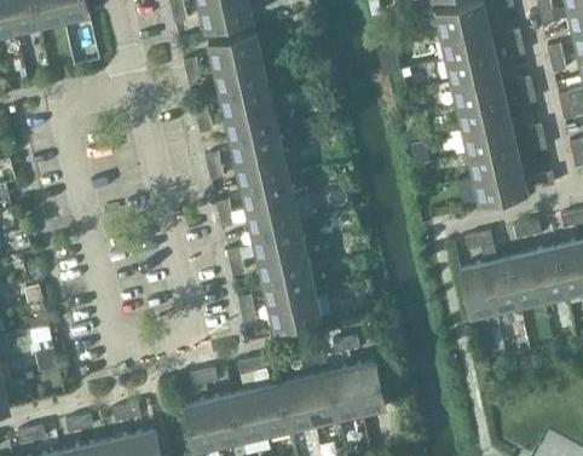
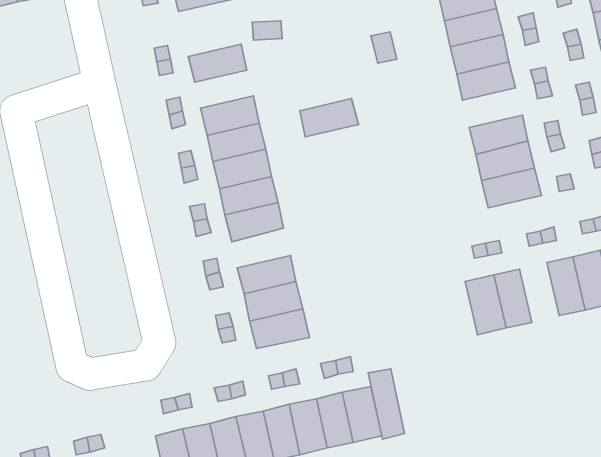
building: [208,34,261,70] -> none
building: [220,82,272,116] -> [300,99,358,137]
building: [457,98,510,133] -> none
building: [253,223,305,258] -> none
building: [508,253,543,306] -> none
building: none -> [368,369,404,439]

